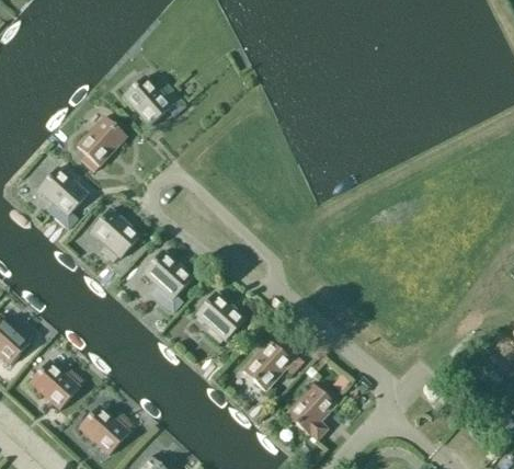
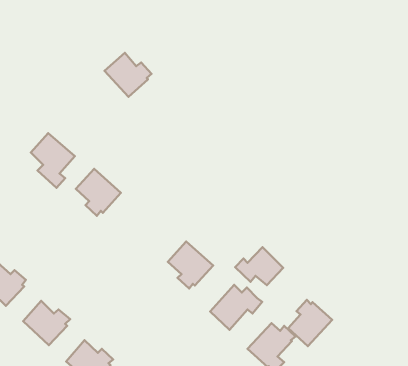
building: [76,116,126,172] -> none
building: [141,250,193,313] -> none
building: none -> [235,247,283,285]
building: none -> [288,300,332,346]

